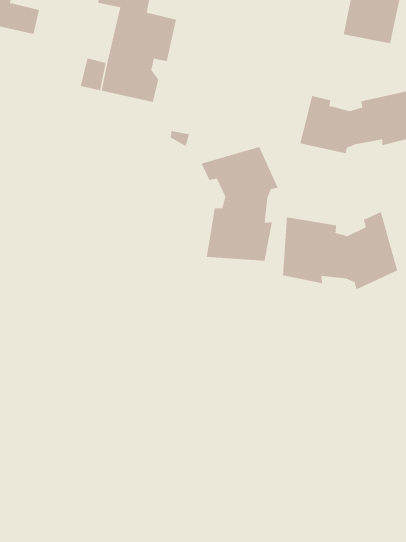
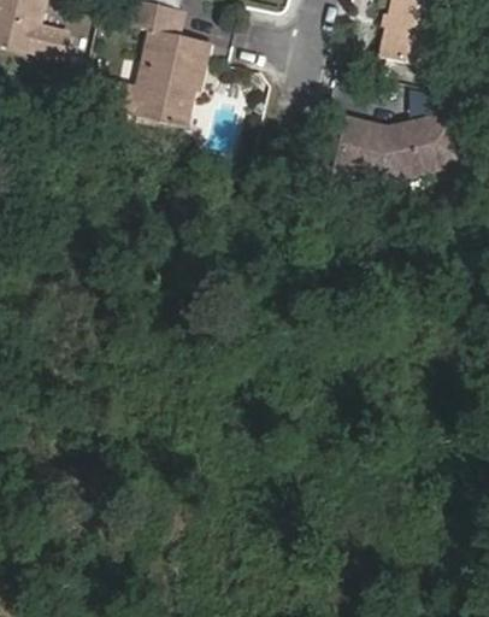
building: [201,146,279,262] -> none
building: [282,211,398,290] -> none

